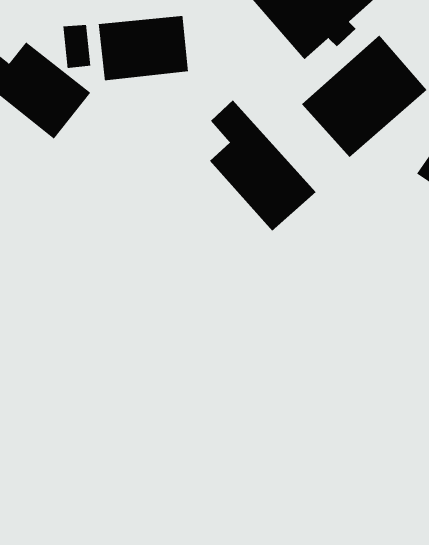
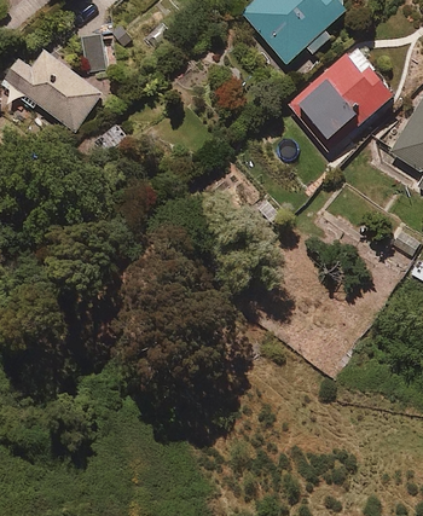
building: [98,15,189,81] -> none
building: [209,100,316,232] -> none

